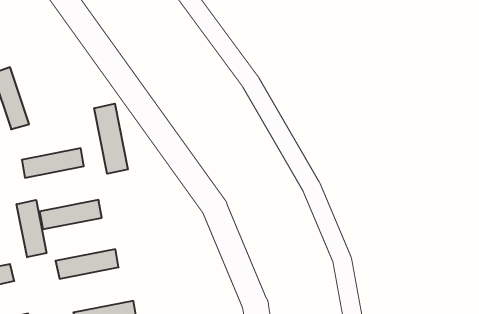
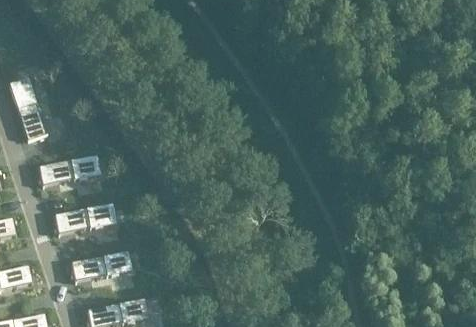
building: [94,104,128,174] -> none
building: [17,200,46,257] -> none

